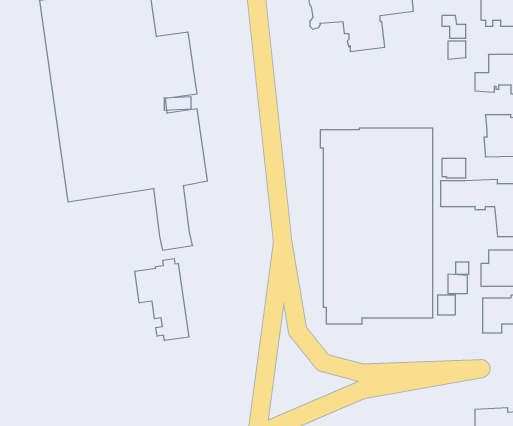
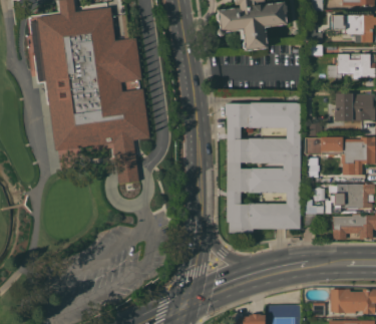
building: [135,259,189,341] -> none

